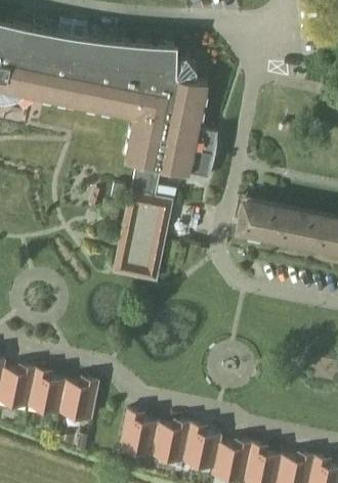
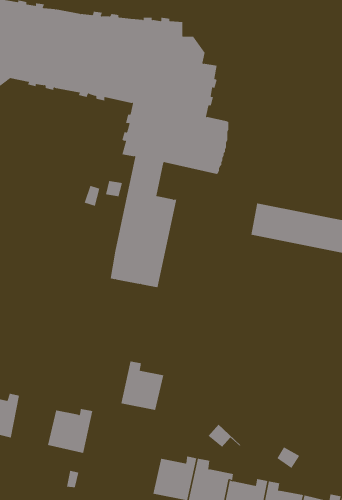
building: [30,370,68,413] -> none
building: [121,412,159,455] -> [120,361,164,411]

